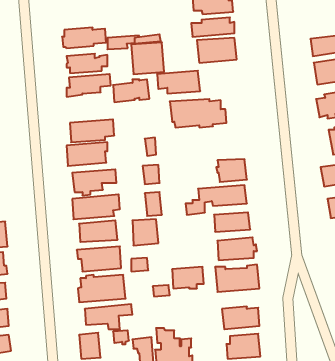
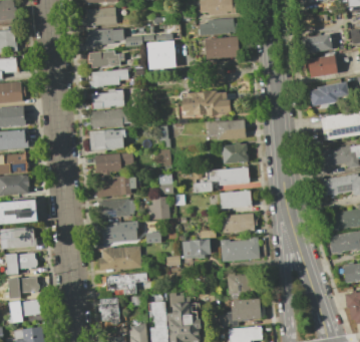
building: none -> [85,7,116,25]
building: [157,71,200,93] -> [209,119,247,139]
building: [113,79,149,102] -> [92,89,124,109]

